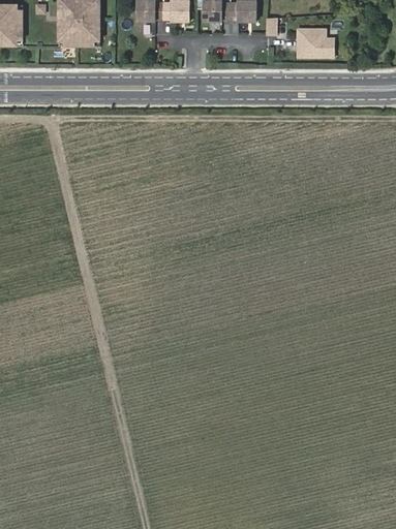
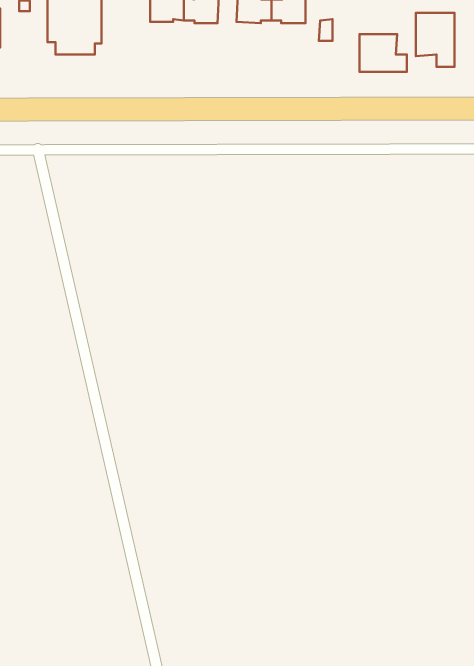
building: none -> [416,13,455,67]

